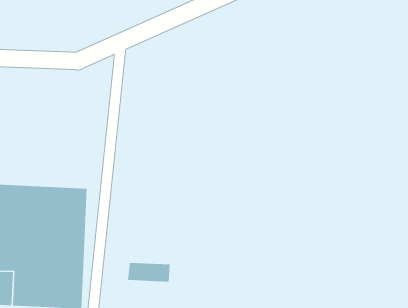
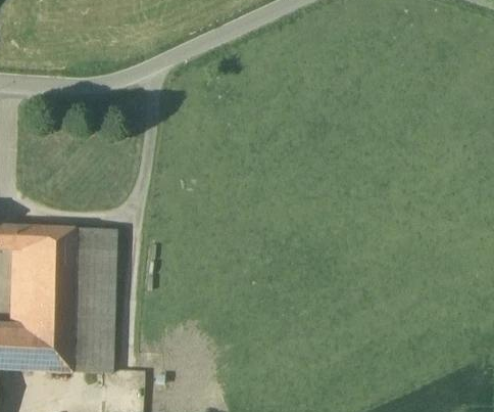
building: [128,262,170,282] -> none

